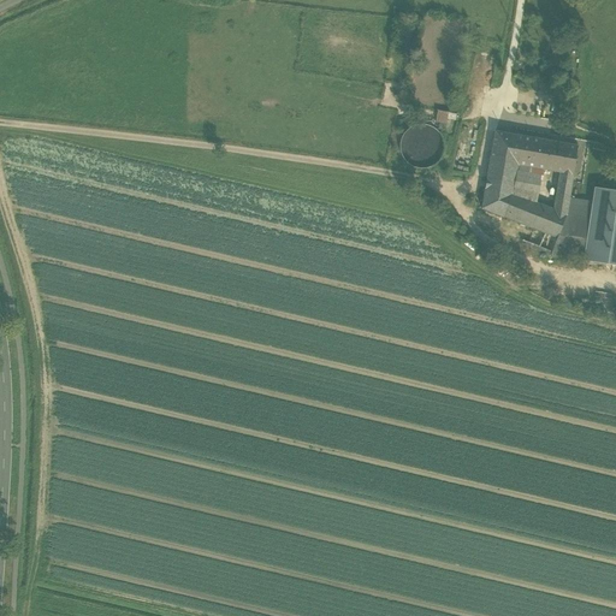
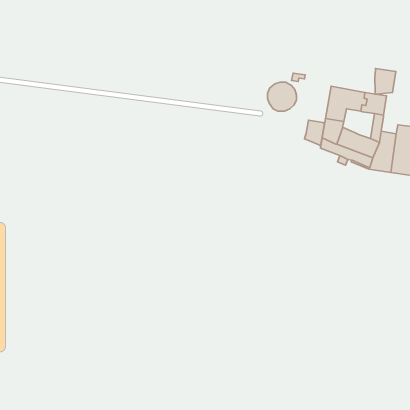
building: none -> [375,68,396,94]
building: [514,162,544,201] -> [304,120,325,146]

